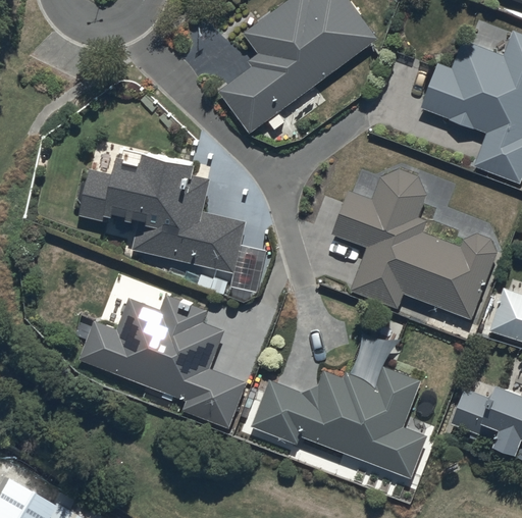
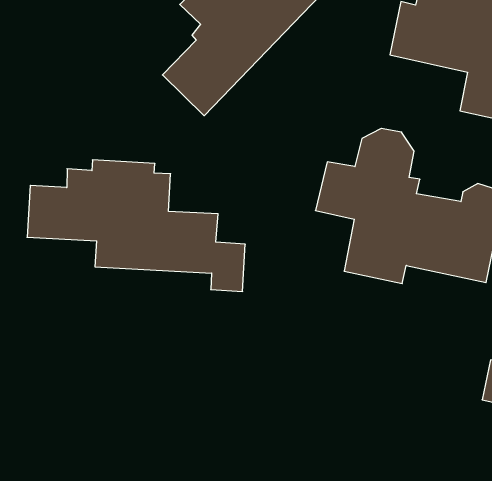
building: [79,296,247,428] -> none
building: [250,367,426,475] -> none

